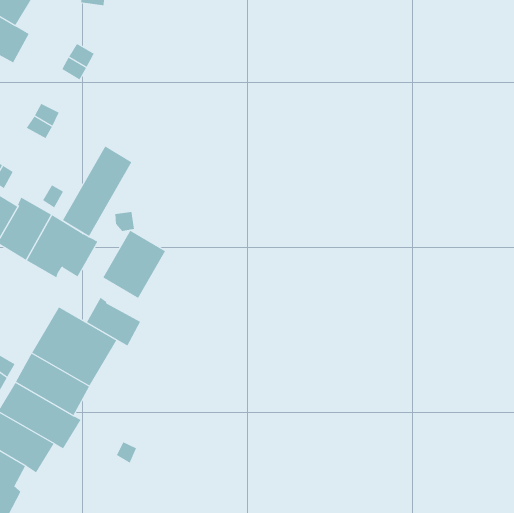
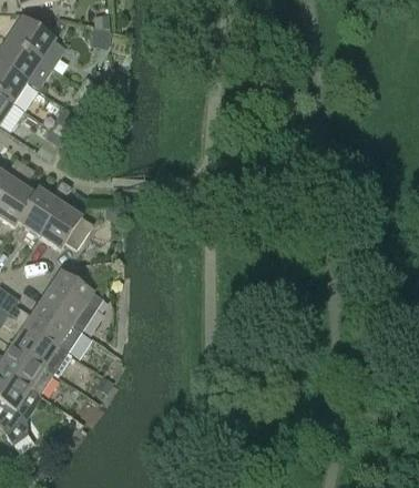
building: [62,146,132,237] -> none
building: [103,230,166,299] -> none
building: [86,297,141,346] -> none

